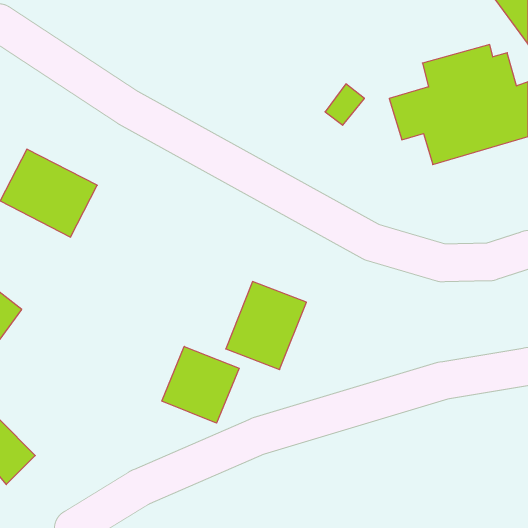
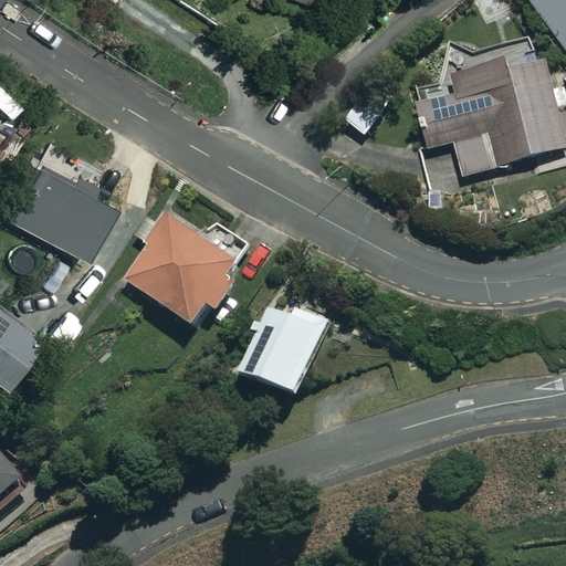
building: none -> [124,202,240,326]
building: [162,346,239,423] -> none

